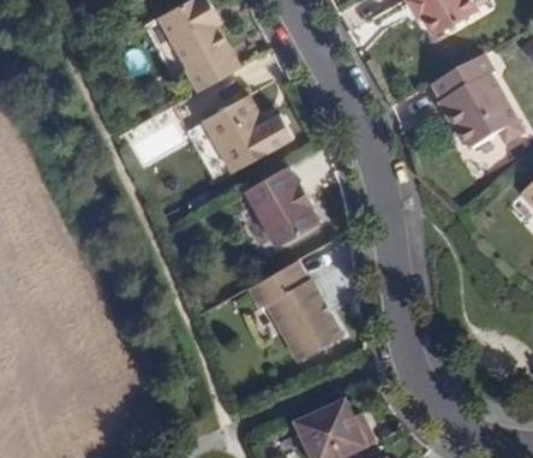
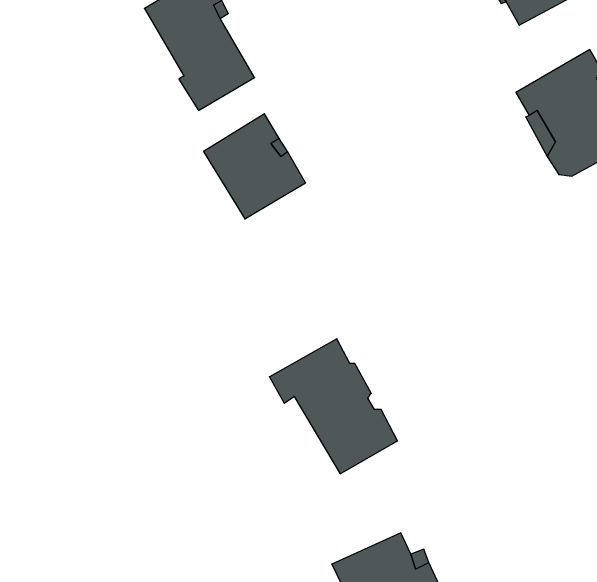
building: [245,168,319,249] -> none

